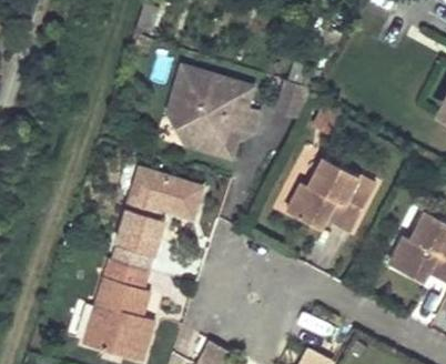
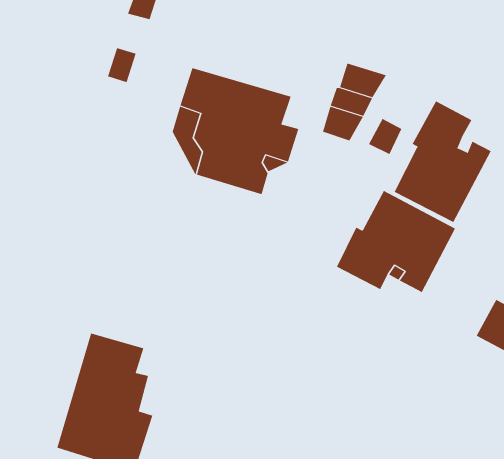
building: none -> [394,100,491,223]
building: [113,169,202,270] -> none

